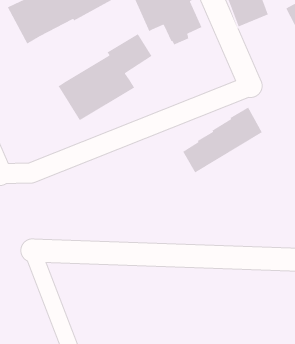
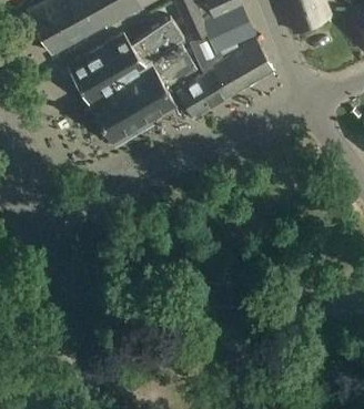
building: none -> [67,19,183,102]
building: [182,106,263,174] -> [179,41,272,119]

